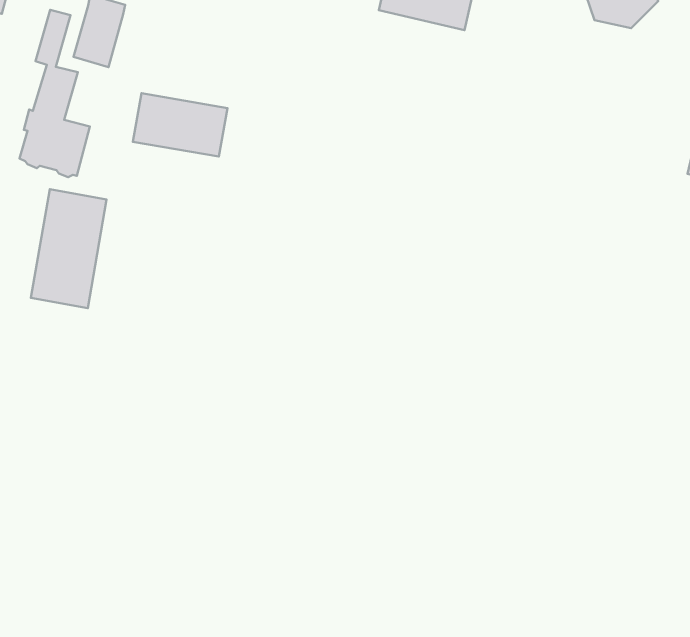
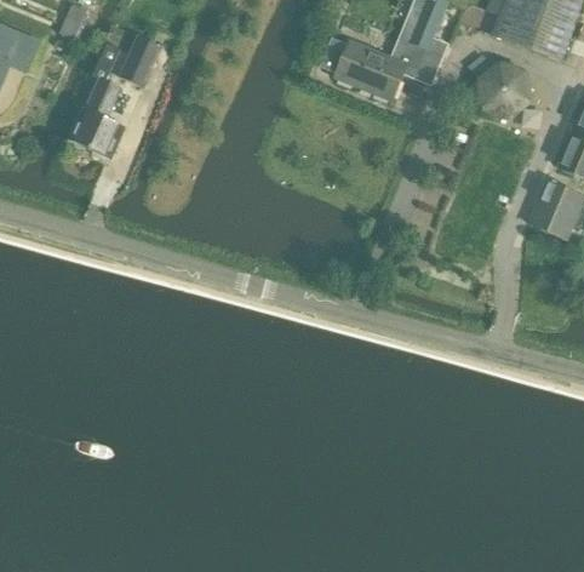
building: [133,93,227,157] -> none
building: [31,189,107,308] -> none

